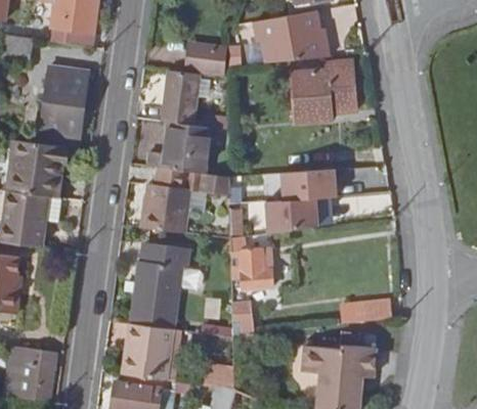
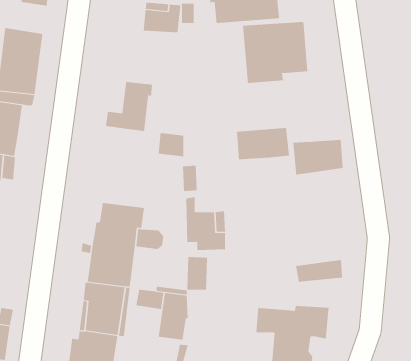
building: [166,71,203,125] -> none
building: [143,168,192,233] -> none
building: [266,198,317,234] -> [293,140,343,175]

